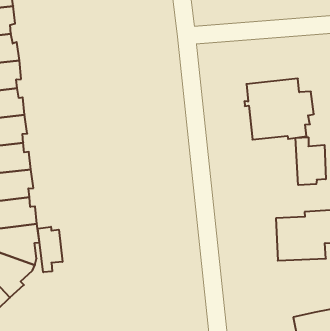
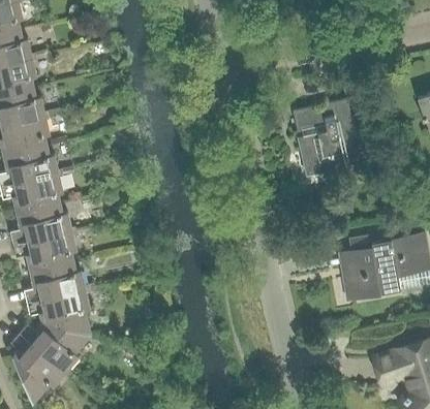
building: [295,137,326,185] -> none
building: [38,227,62,272] -> none

